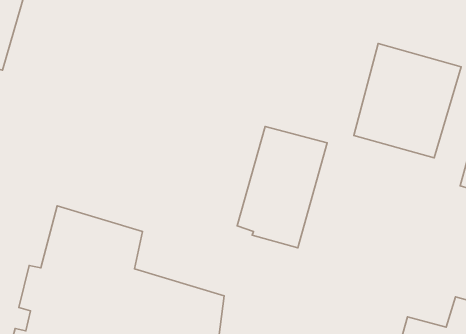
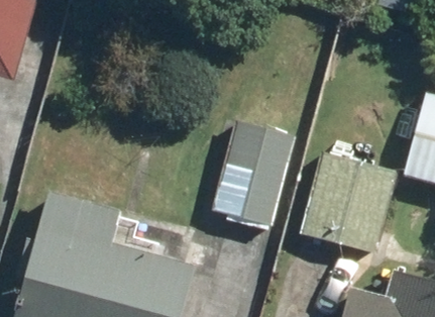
building: [354,43,461,158] -> [300,149,393,248]

